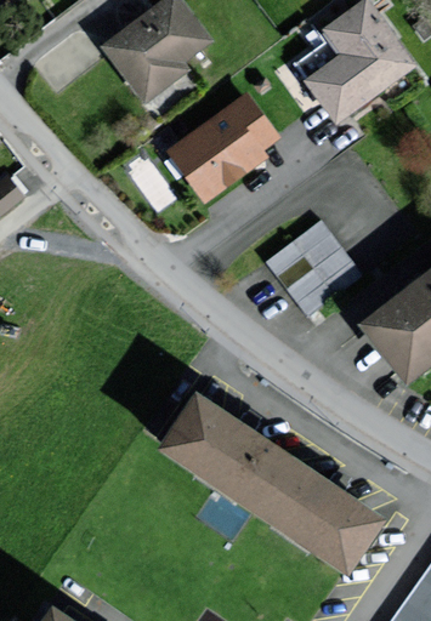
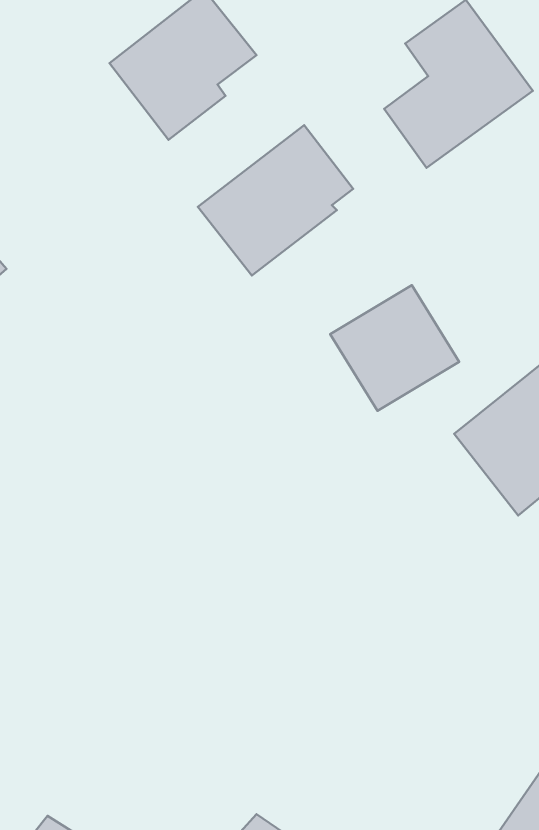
building: [161,394,382,569] -> none

